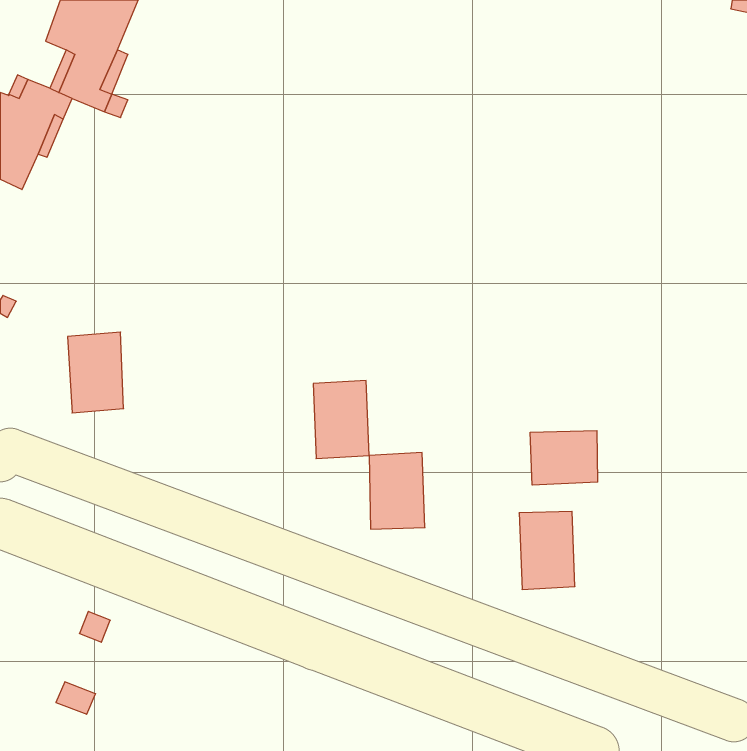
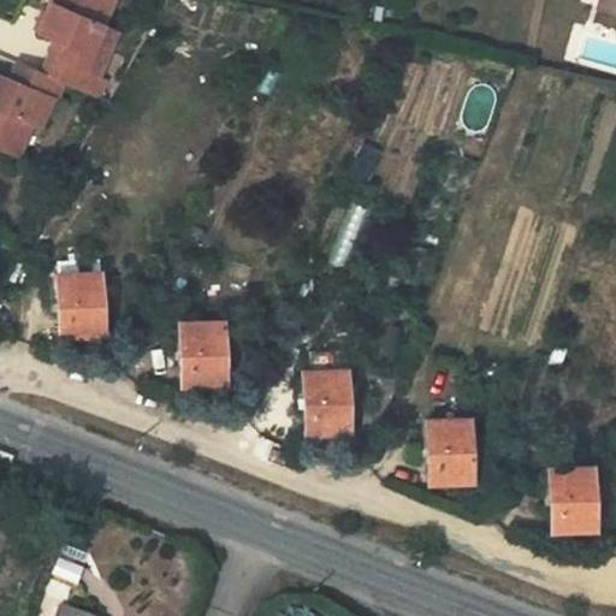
building: [313,381,369,459] -> [182,321,227,385]
building: [530,431,598,485] -> none
building: none -> [552,467,597,529]

